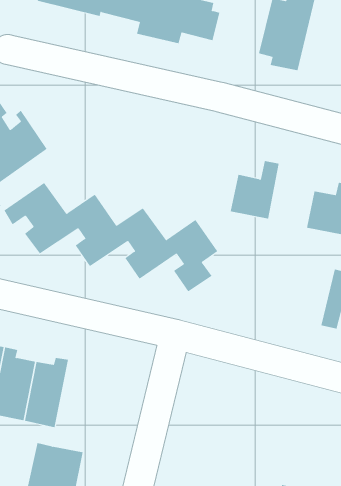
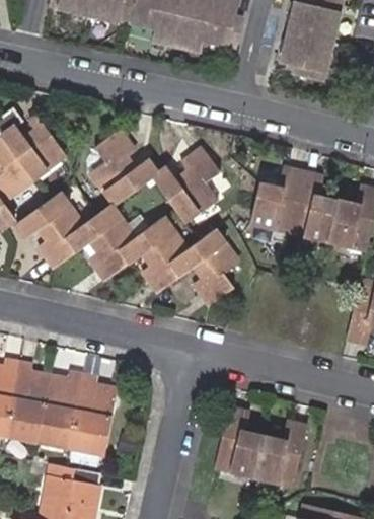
building: none -> [92,128,223,219]
building: none -> [292,172,339,239]
building: none -> [70,376,114,453]
building: none -> [212,409,305,486]

